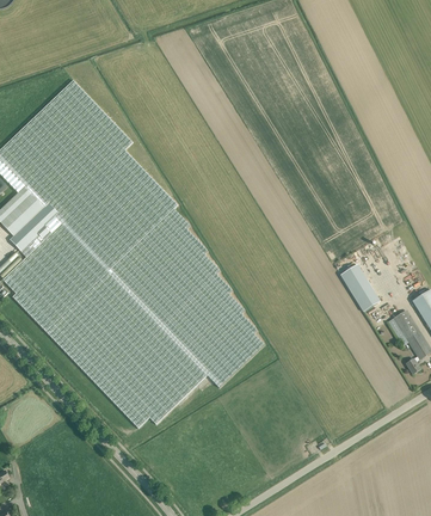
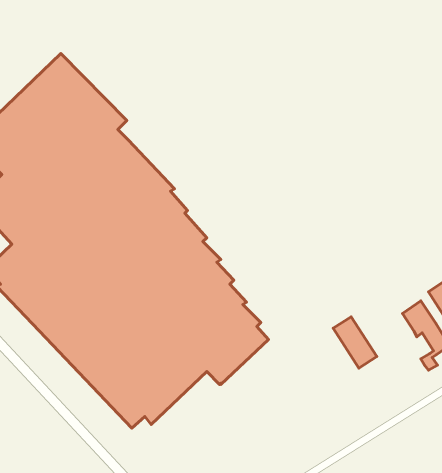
building: [339,263,380,311] -> [333,317,377,368]

